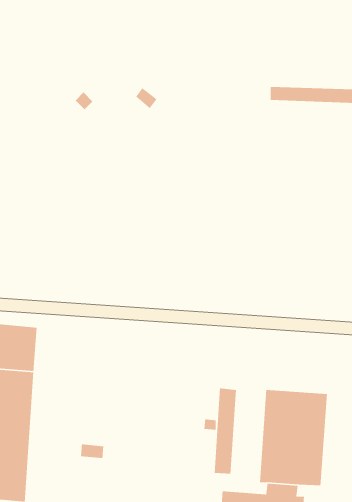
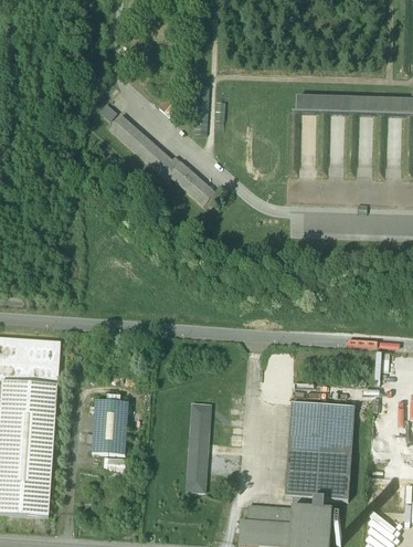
building: none -> [107,111,215,204]
building: none -> [91,399,127,454]
building: [214,387,237,475] -> [186,402,209,491]

